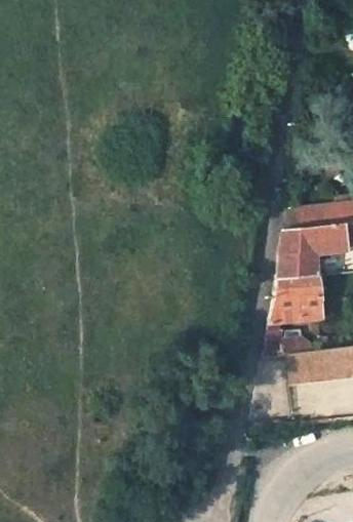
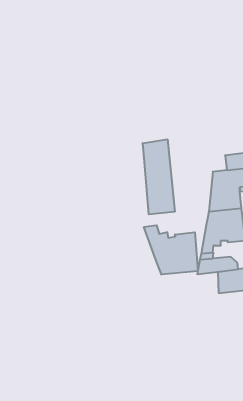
building: none -> [143,139,175,214]
building: none -> [144,225,198,275]

